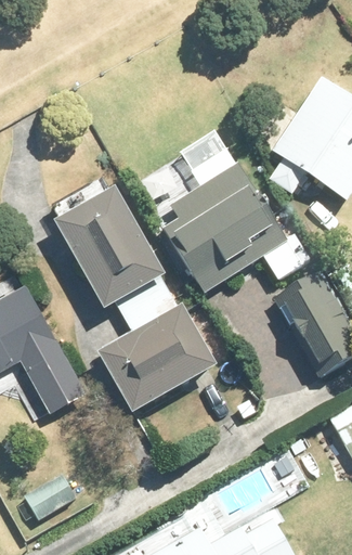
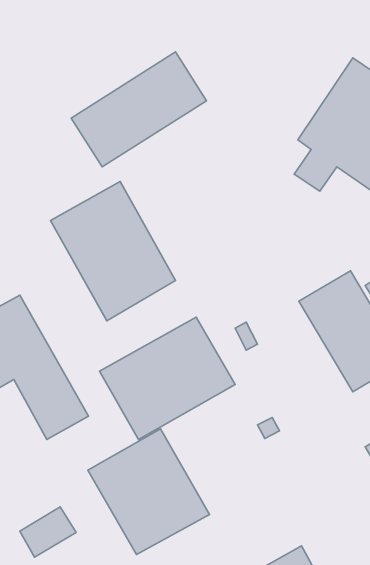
building: none -> [71,52,207,167]
building: [164,149,312,293] -> none
building: none -> [88,429,210,555]

